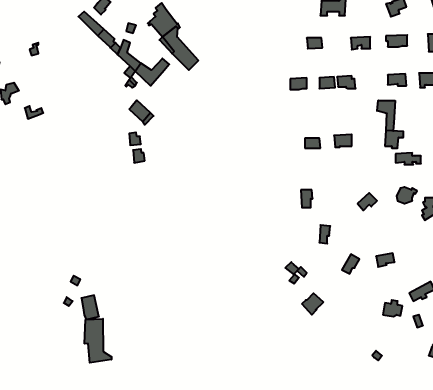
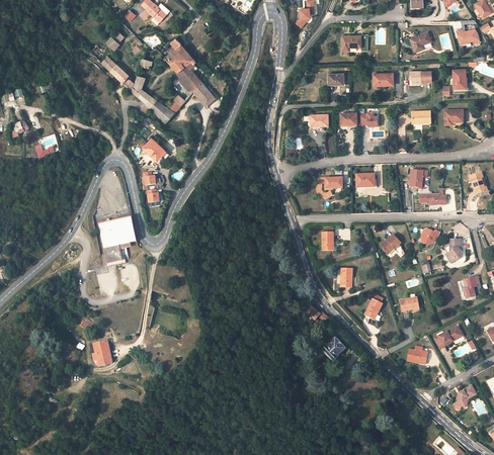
building: [377,100,395,131] -> none
building: none -> [98,216,136,263]
building: [85,319,112,363] -> none

